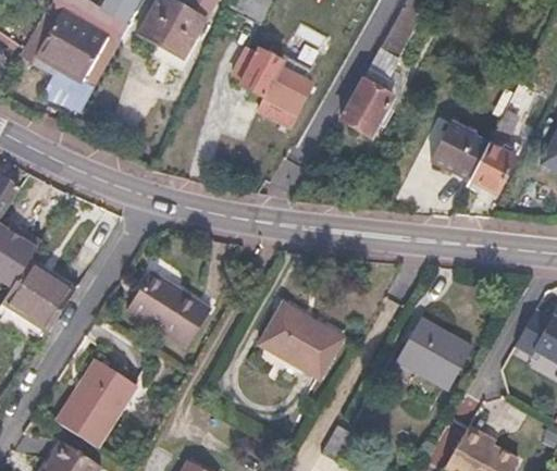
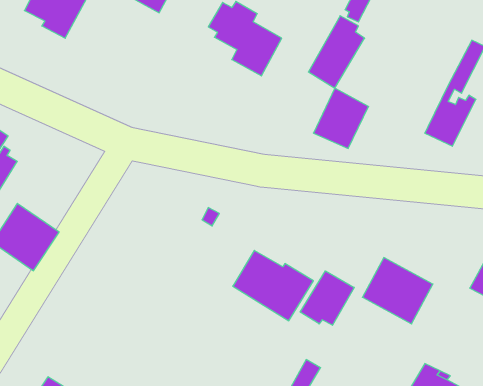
building: [431,113,490,177] -> [313,88,369,148]
building: [131,274,213,347] -> none
building: none -> [300,271,354,325]
building: [55,359,136,448] -> none

